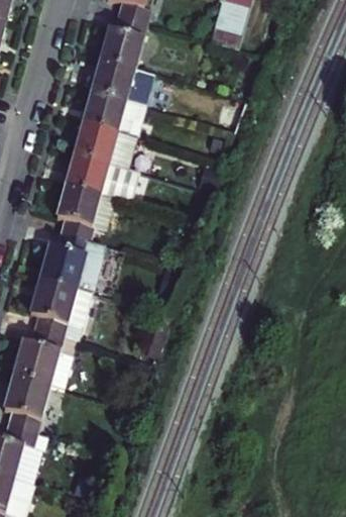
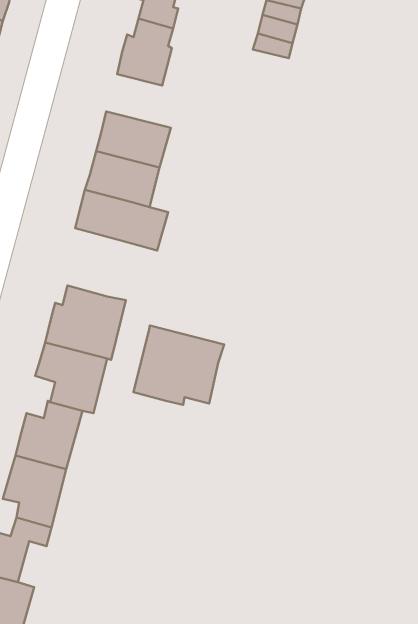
building: [89,61,145,103] -> none
building: [55,186,102,241] -> none
building: none -> [133,325,224,405]

